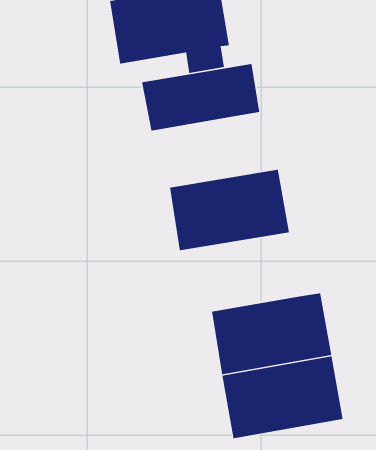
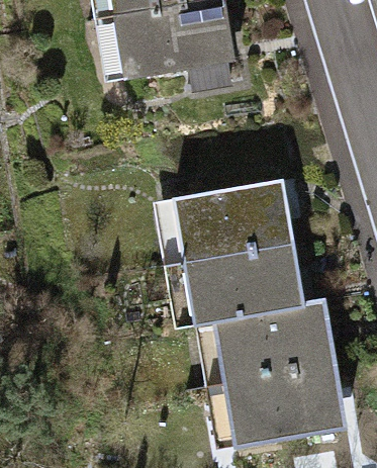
building: [141,63,260,131] -> none
building: none -> [183,244,302,323]

